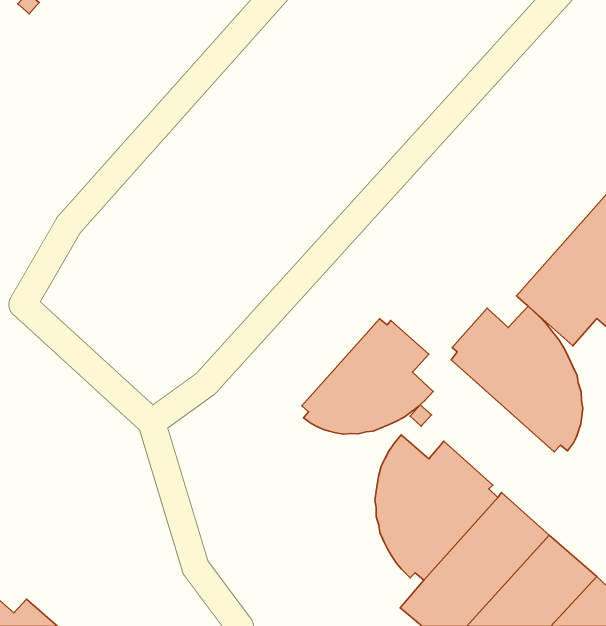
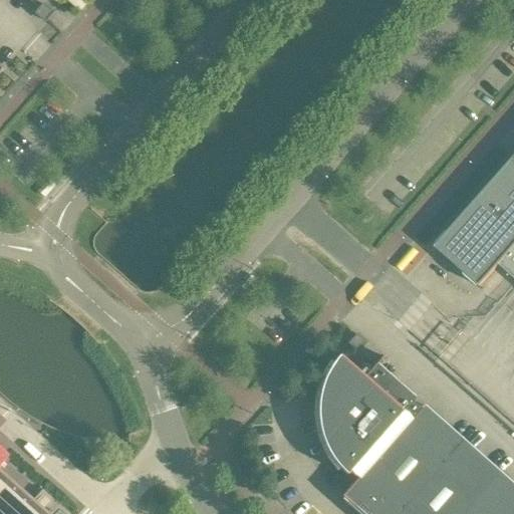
building: [451,306,583,452] -> none
building: [302,319,433,434] -> none

